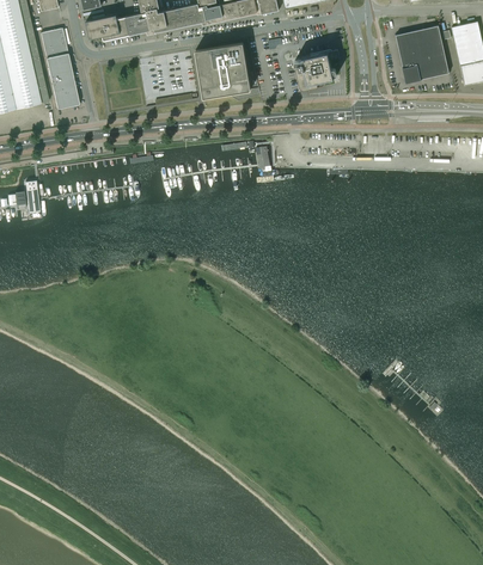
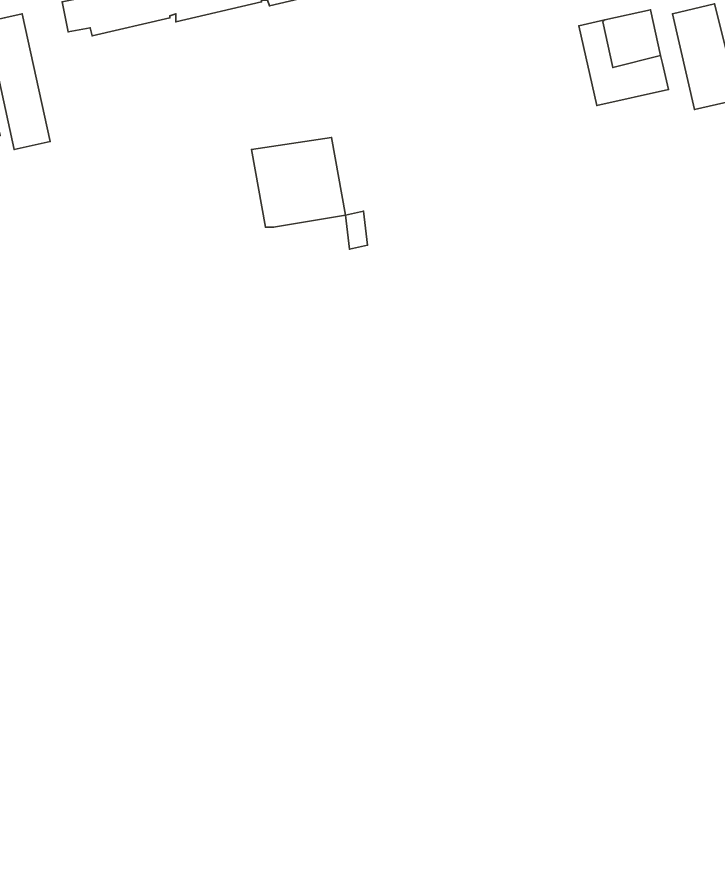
building: [194,43,250,97] -> [252,137,345,227]
building: [293,53,336,91] -> none

